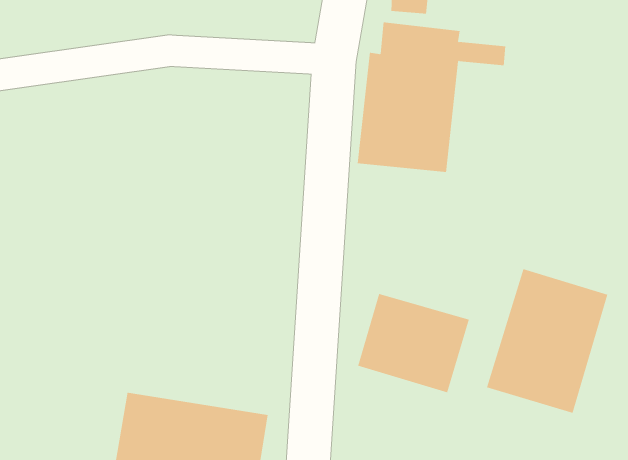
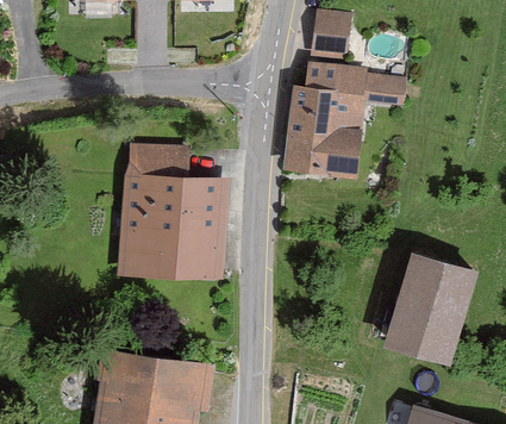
building: none -> [121,143,226,276]
building: [358,293,470,393] -> none

